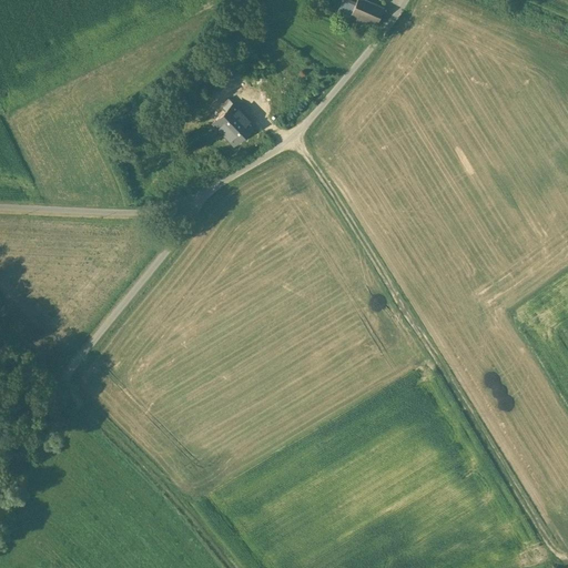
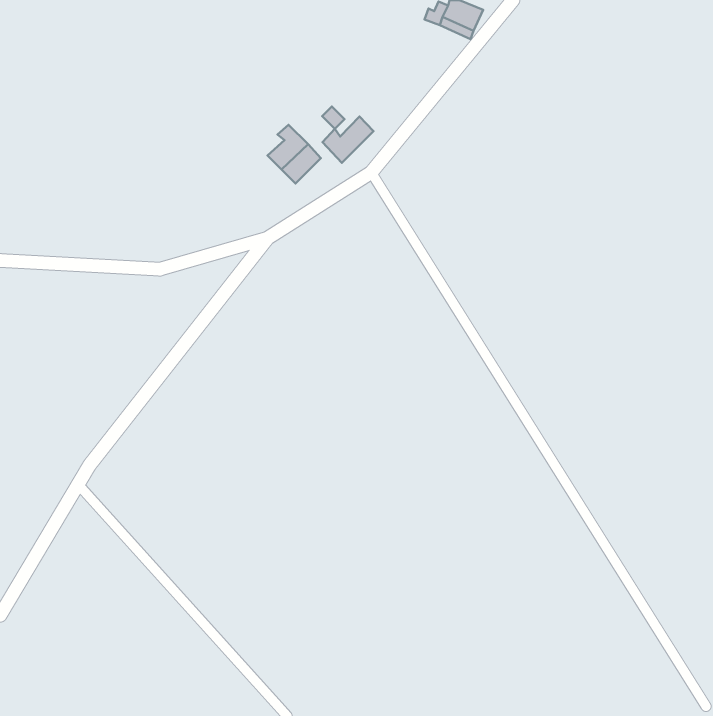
building: none -> [322,117,374,163]

